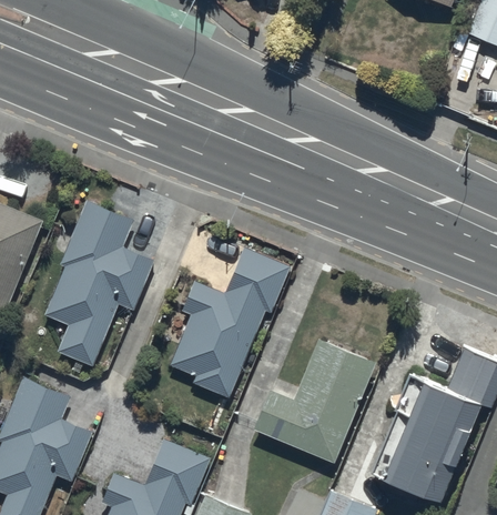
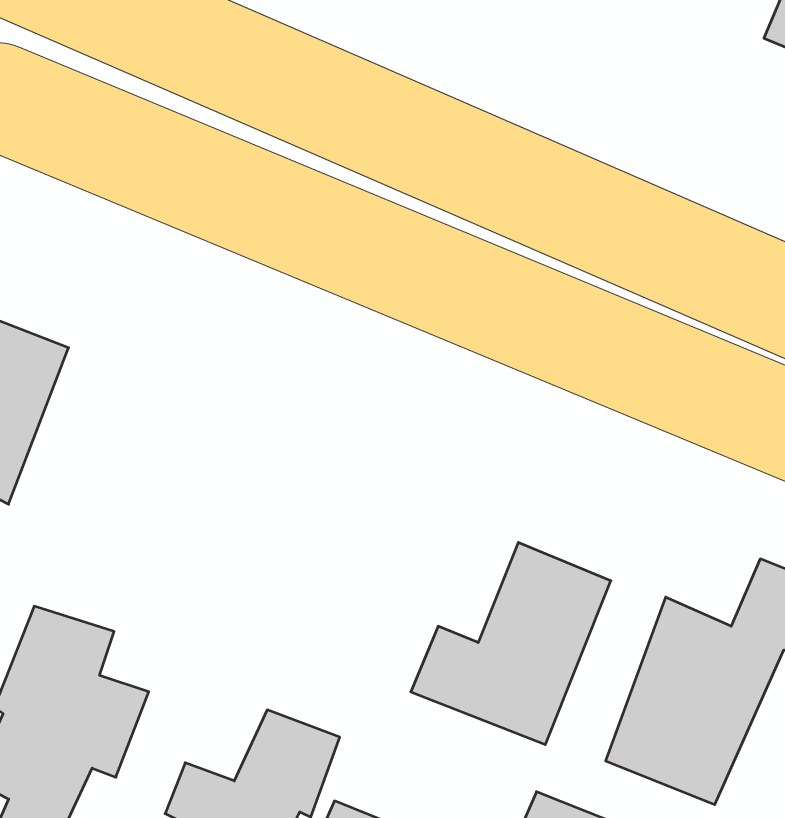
building: [44,202,154,366] -> none
building: [171,250,291,398] -> none

